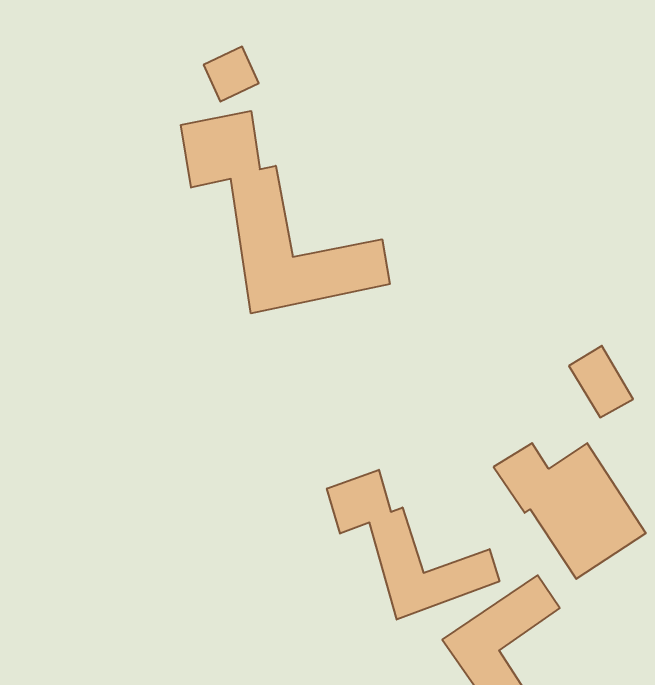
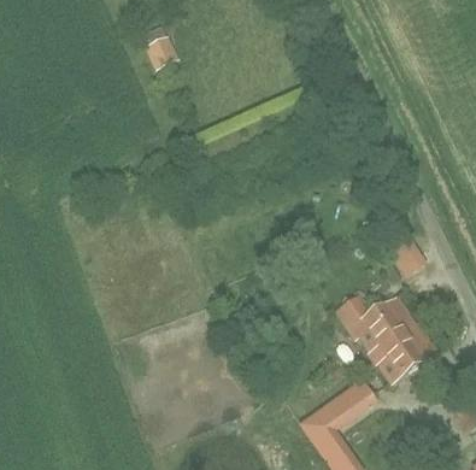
building: [181,111,390,313] -> none
building: [327,470,499,620] -> none

